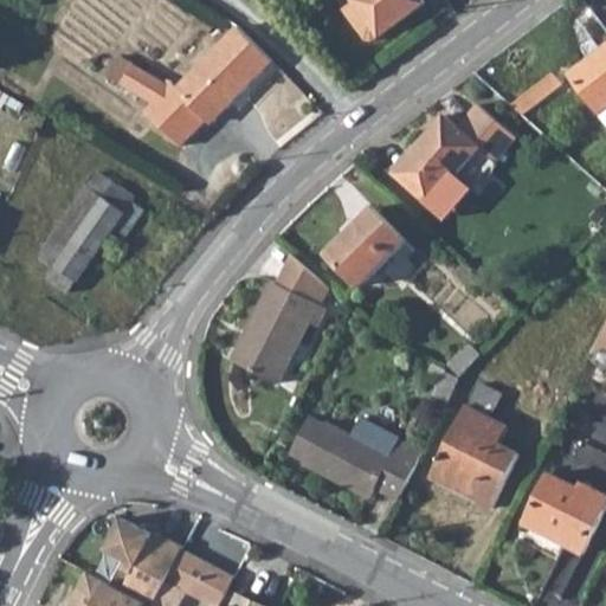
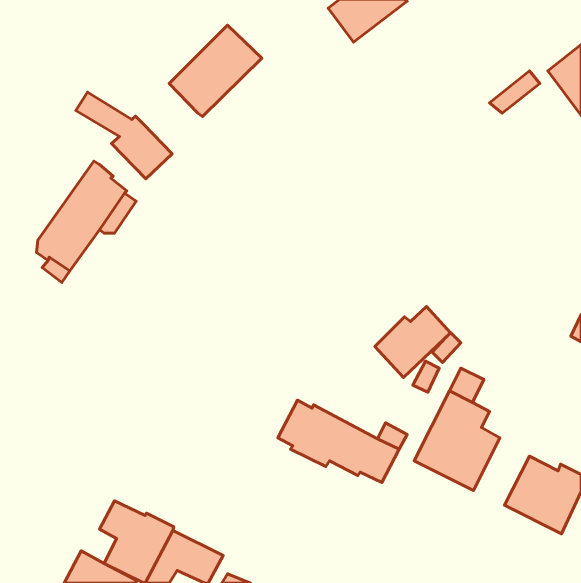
building: [105,53,205,143] -> [76,92,172,179]
building: [397,105,515,219] -> none
building: [325,213,404,286] -> [375,307,450,377]
building: [231,260,325,383] -> none

